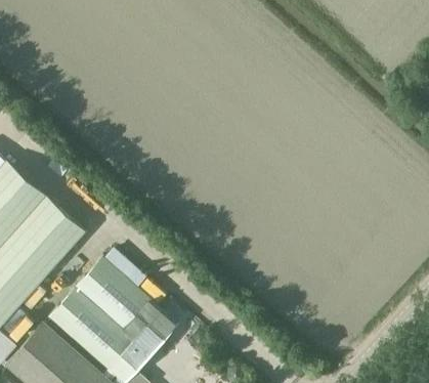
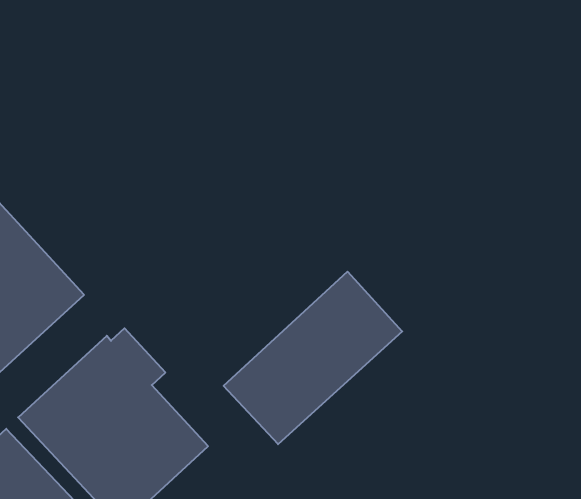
building: none -> [224,272,402,444]

